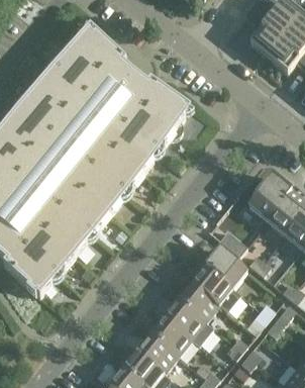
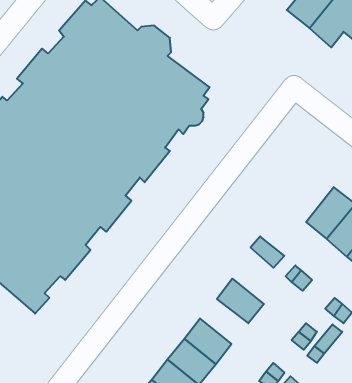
building: [246,175,288,218] -> none
building: [203,248,243,287] -> none
building: [176,283,216,320] -> none

